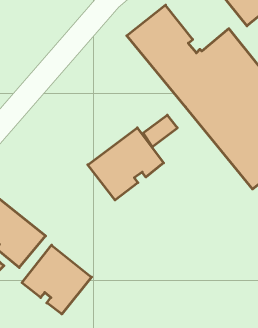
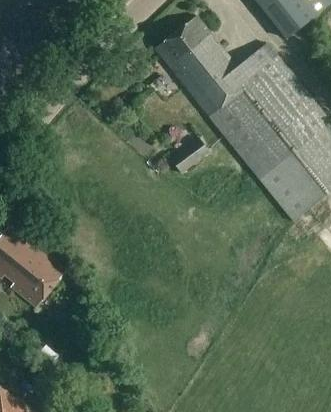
building: [88,128,164,200] -> none
building: [22,245,92,314] -> none

